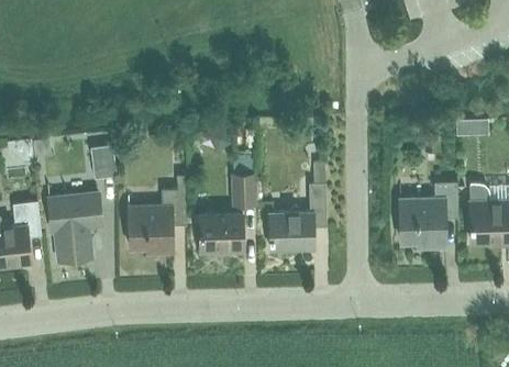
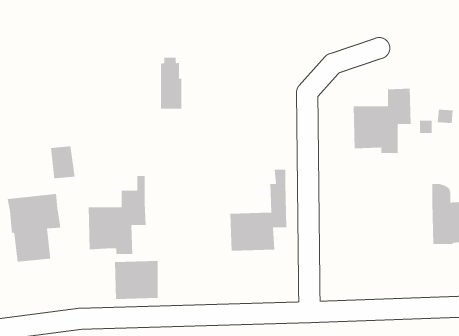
building: [232,154,254,205] -> [160,57,182,109]
building: [399,182,457,247] -> [353,88,412,153]
building: [198,214,242,253] -> [114,261,158,299]

